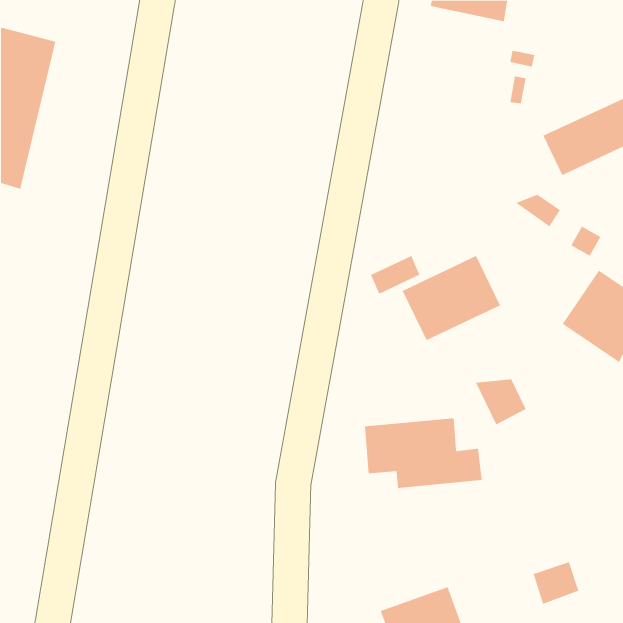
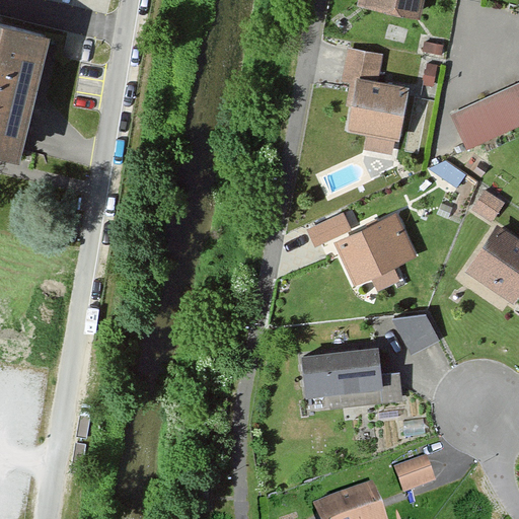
building: none -> [343,49,407,140]
building: [533,562,579,604] -> [396,459,435,495]

